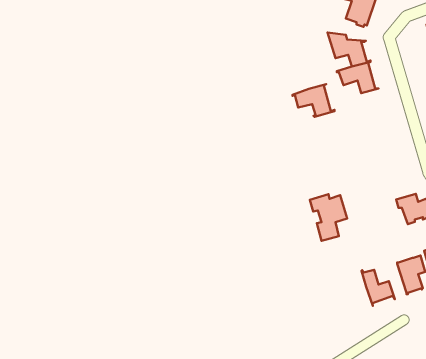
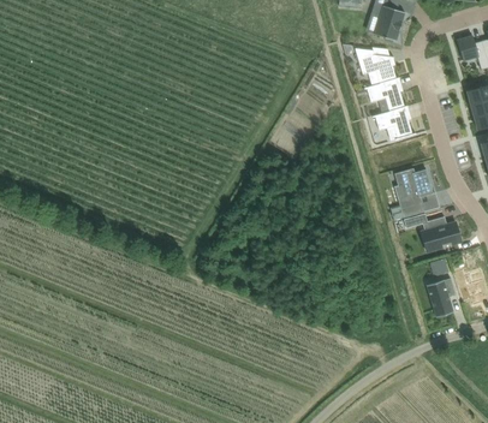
building: [292,84,334,117] -> [373,106,416,139]
building: [310,194,347,241] -> [393,168,432,216]
building: [361,270,395,306] -> none

